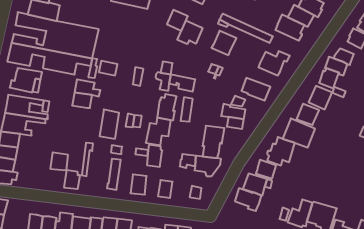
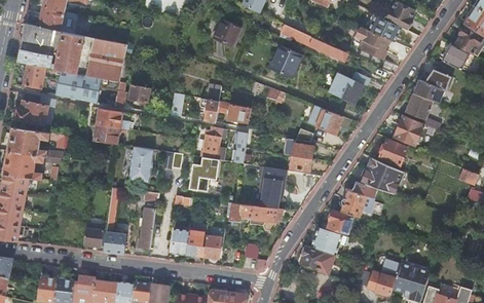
building: [177,21,203,44] -> none
building: [147,145,162,167] -> [186,228,206,256]
building: [50,152,68,170] -> [103,231,125,254]

